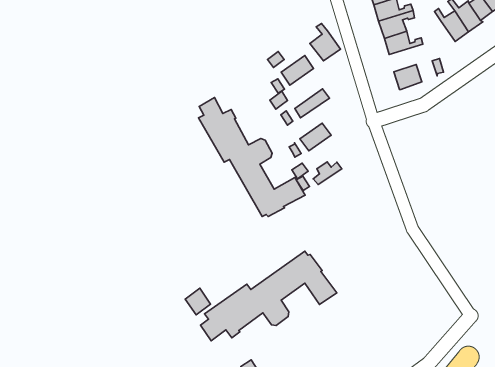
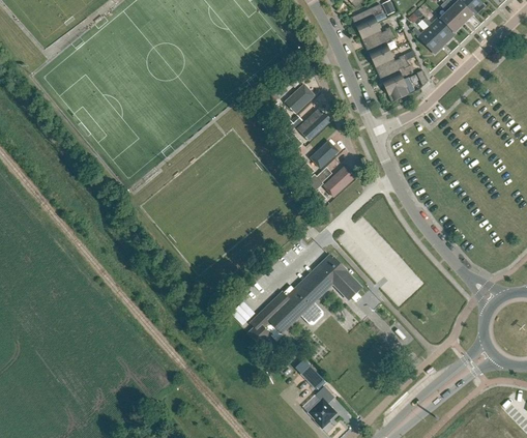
building: [310,23,340,61] -> none
building: none -> [379,59,410,87]
building: [198,98,305,217] -> none

